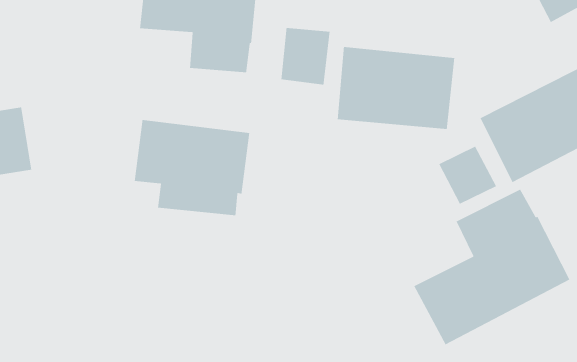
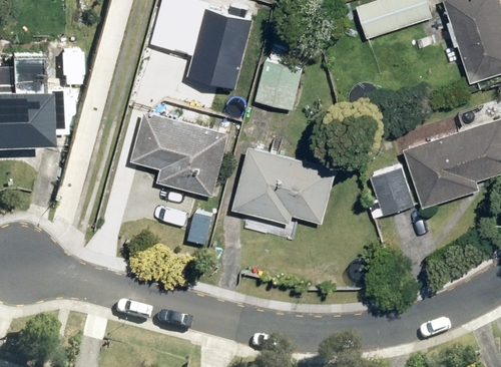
building: [337,46,455,130] -> [231,149,330,226]
building: [413,189,571,346] -> none

